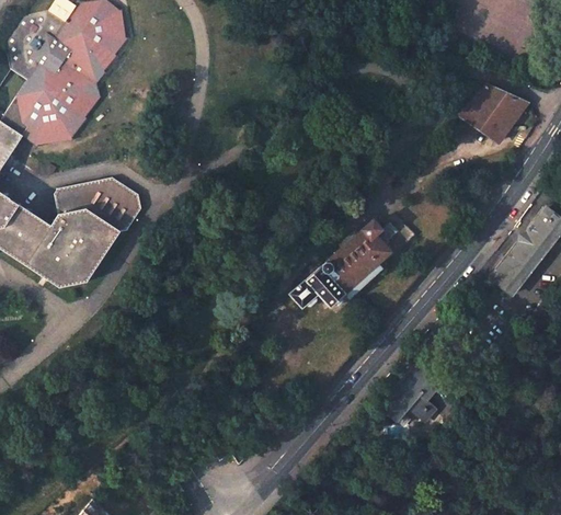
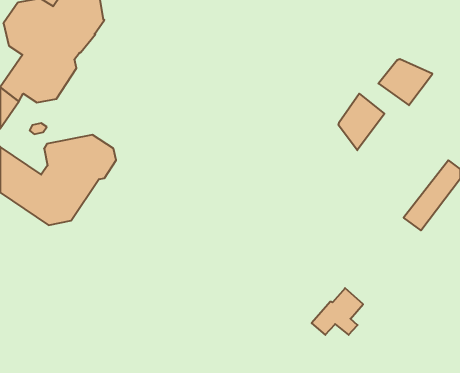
building: [23,78,101,147] -> none
building: none -> [339,94,384,150]
building: [290,220,397,308] -> none

